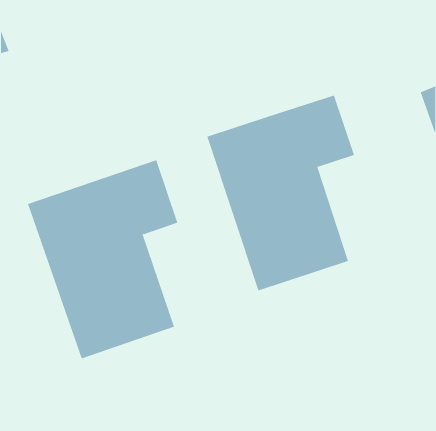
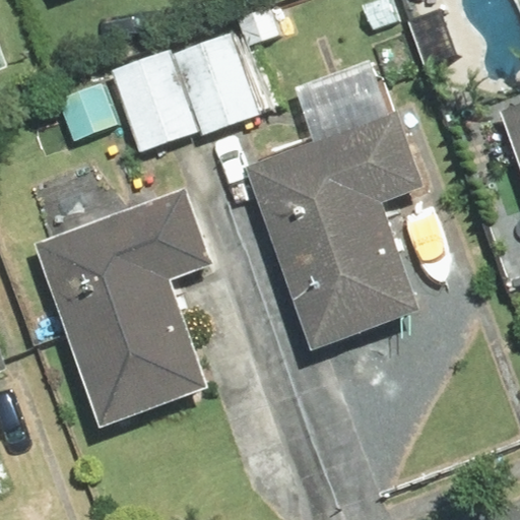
building: none -> [114,31,285,192]

